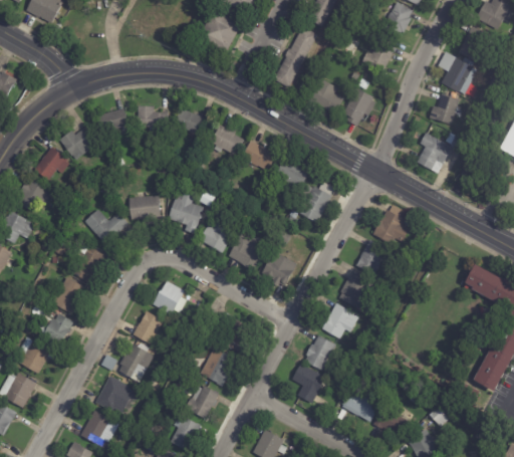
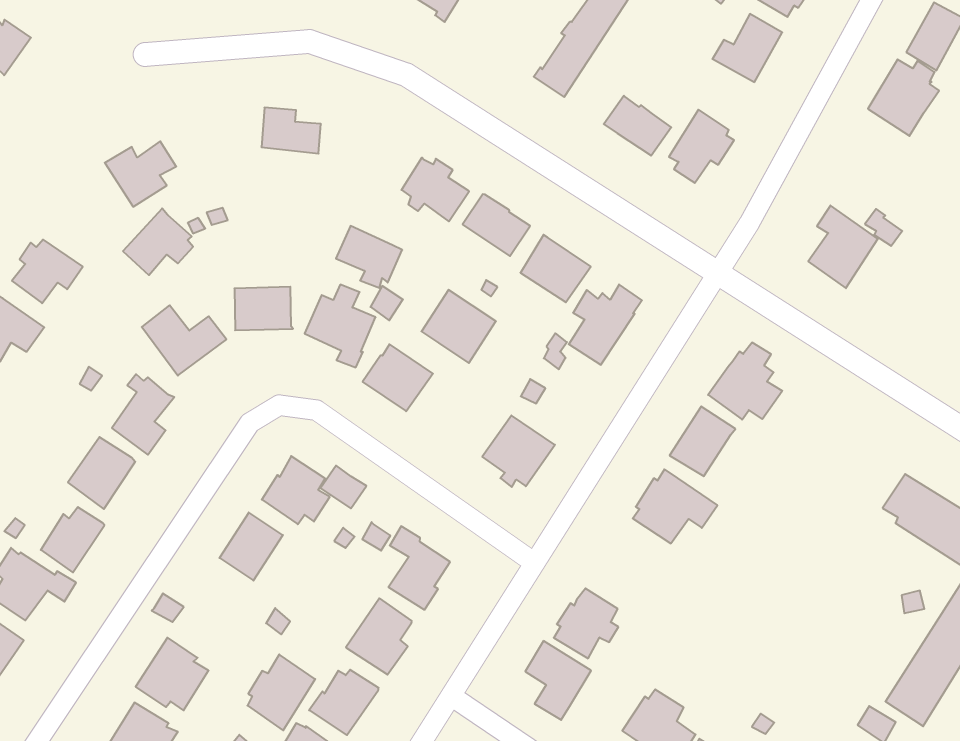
building: [430,92,459,124] -> none
building: [96,106,128,132] -> none
building: [174,107,207,138] -> [336,226,402,288]
building: [34,146,69,180] -> [123,208,193,275]
building: [228,233,265,269] -> [421,290,496,363]
building: [322,302,358,337] -> none
building: [119,344,153,382] -> [247,654,315,730]

